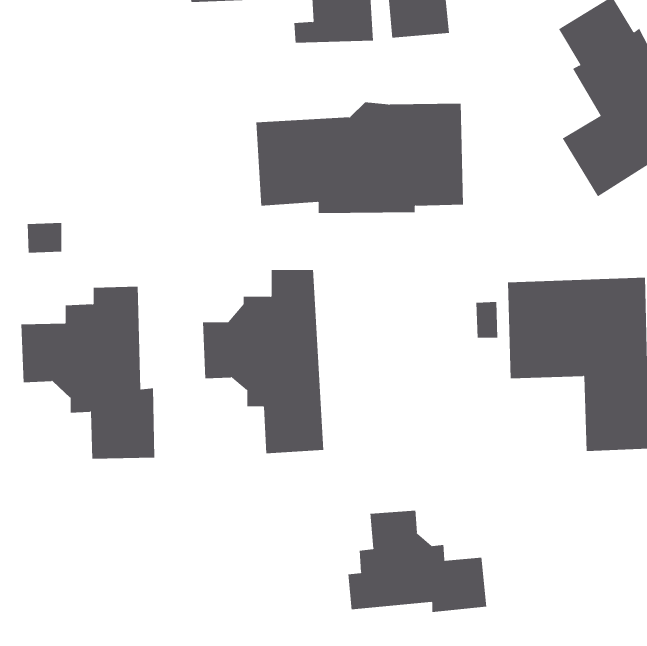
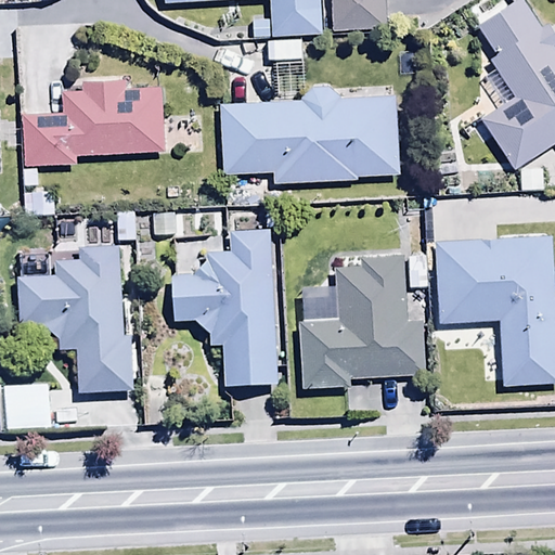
building: none -> [25,77,167,165]
building: none -> [299,256,426,389]
building: [348,510,487,613] -> none

